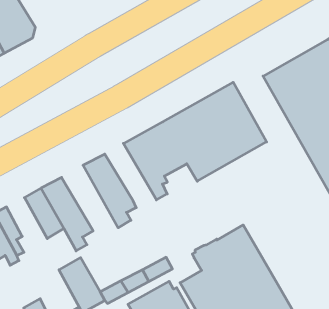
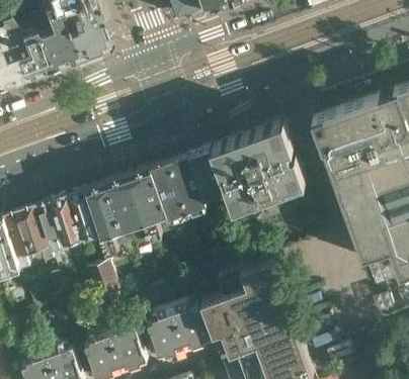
building: none -> [149,164,190,226]
building: none -> [104,178,150,247]
building: none -> [48,199,81,248]

